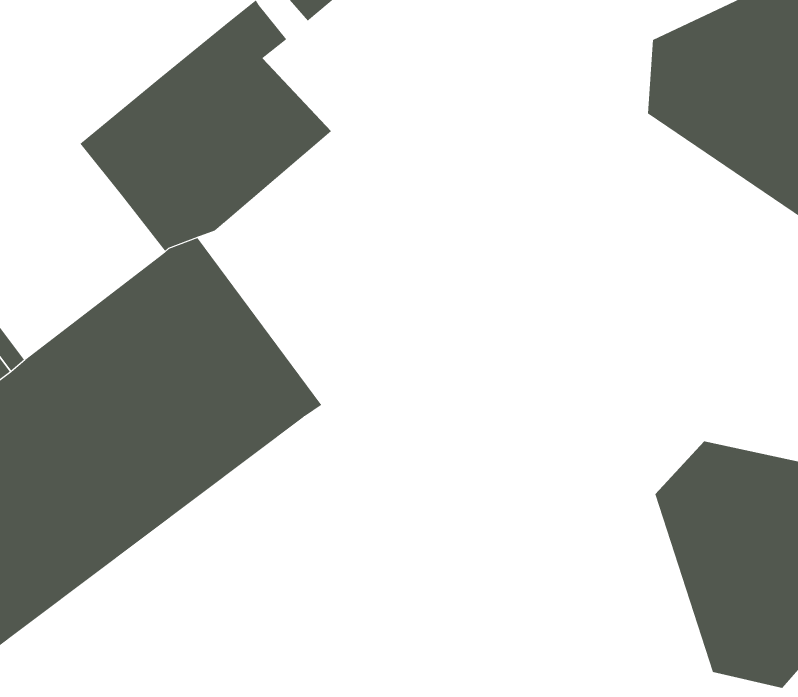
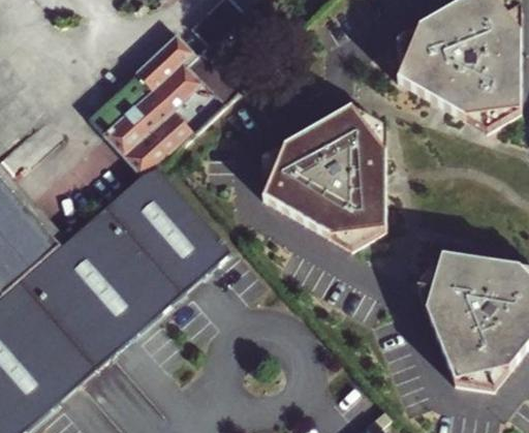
building: none -> [261,103,385,246]

